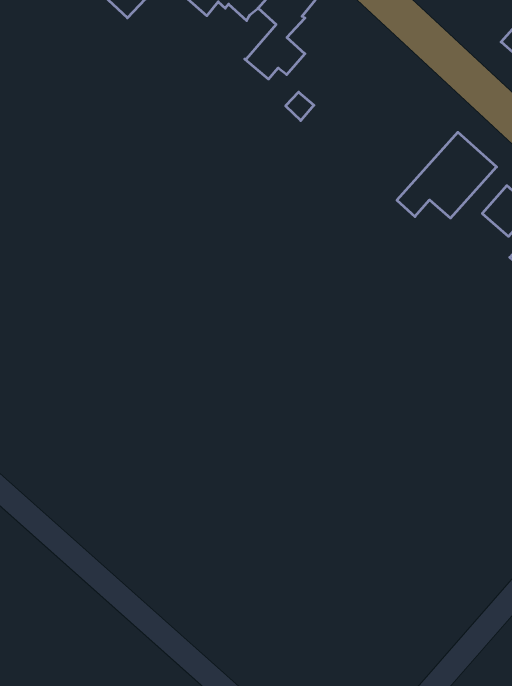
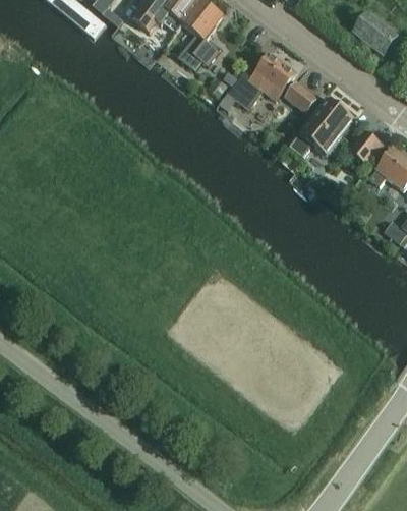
building: none -> [227,51,296,107]
building: none -> [285,78,317,111]

